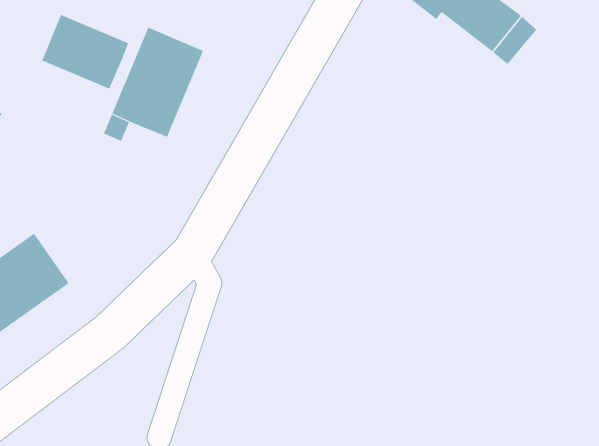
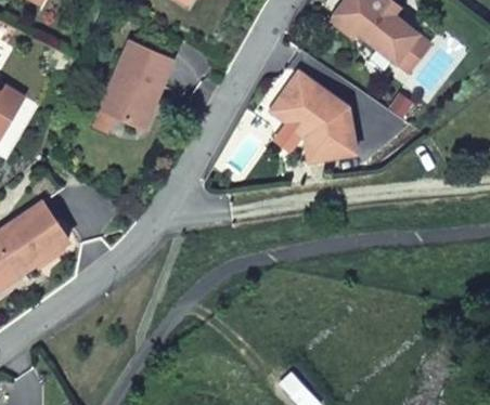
building: [41,14,129,89] -> none
building: none -> [272,78,356,160]

